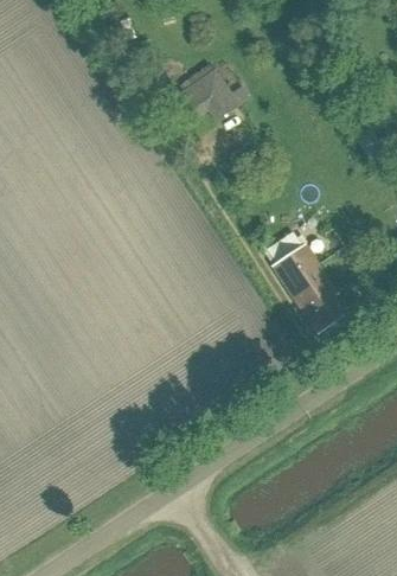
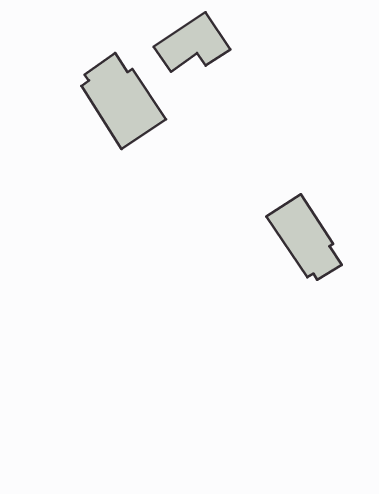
building: none -> [81,53,166,149]

